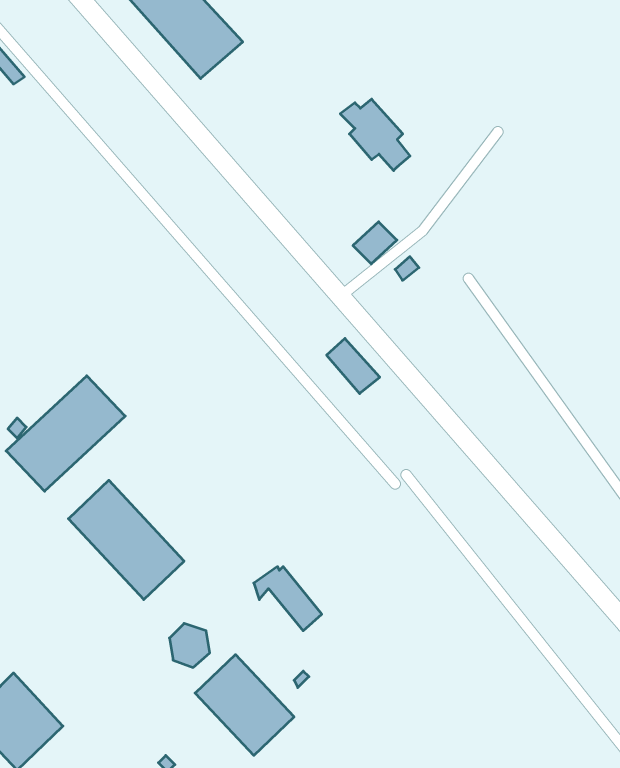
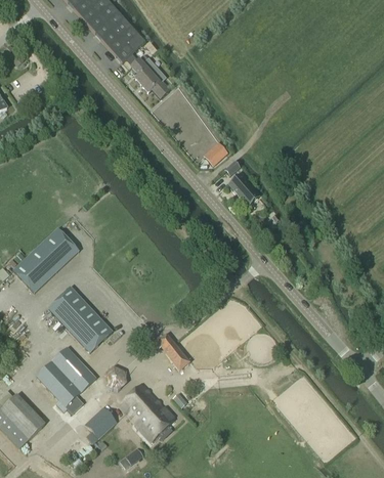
building: [340,99,410,171] -> [131,57,170,97]
building: [327,338,380,394] -> [229,174,259,205]
building: none -> [36,345,98,405]
building: none -> [84,406,116,438]

